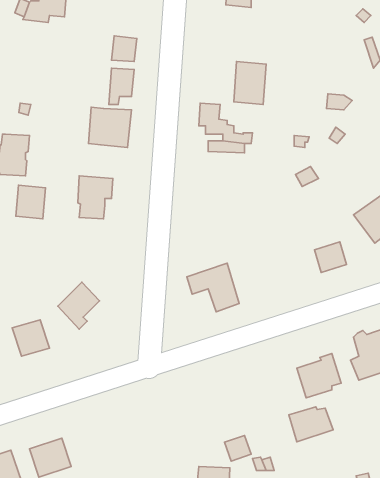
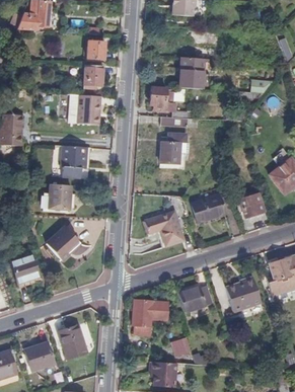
building: none -> [159,134,186,164]
building: [16,185,45,219] -> [48,181,70,207]
building: none -> [192,194,225,222]
building: none -> [132,302,169,337]
building: [289,407,333,442] -> [178,287,212,313]
building: none -> [59,324,88,359]

